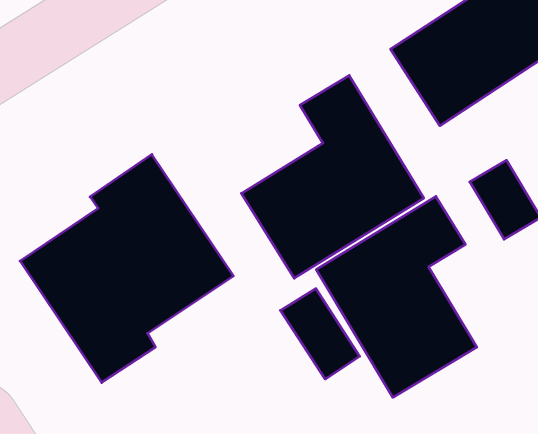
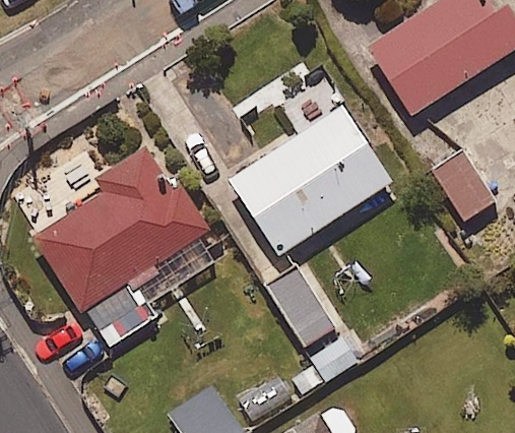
building: [316,196,477,397] -> none

